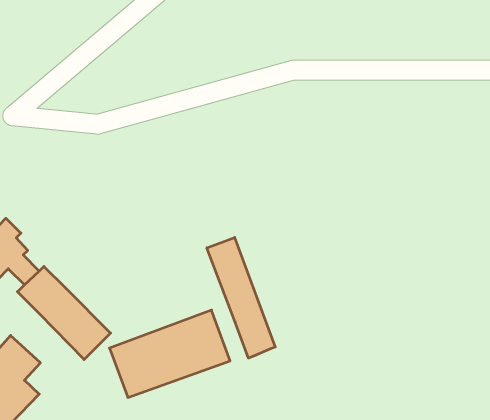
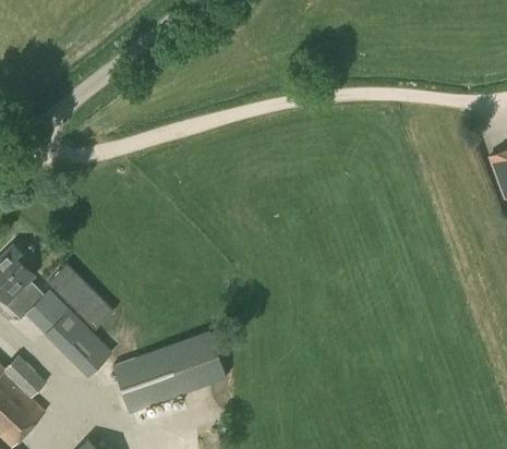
building: [207,237,275,358] -> none
building: none -> [47,265,113,332]

